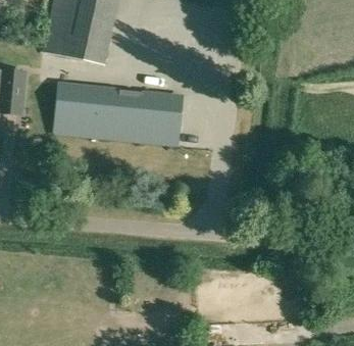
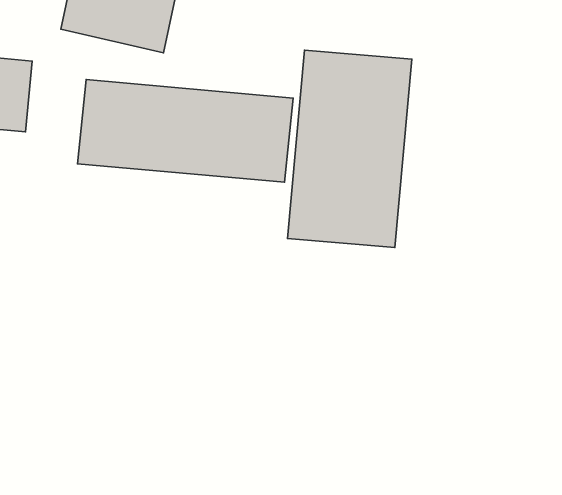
building: none -> [288,50,412,247]

